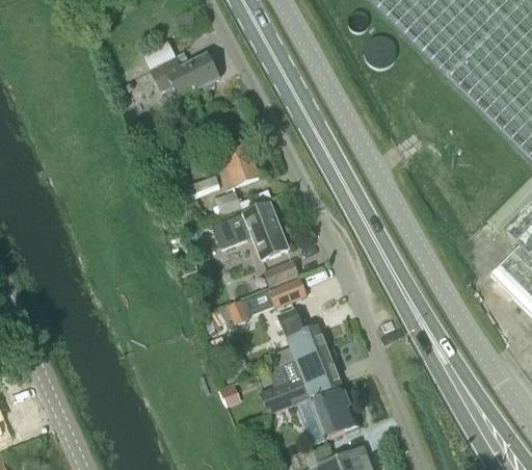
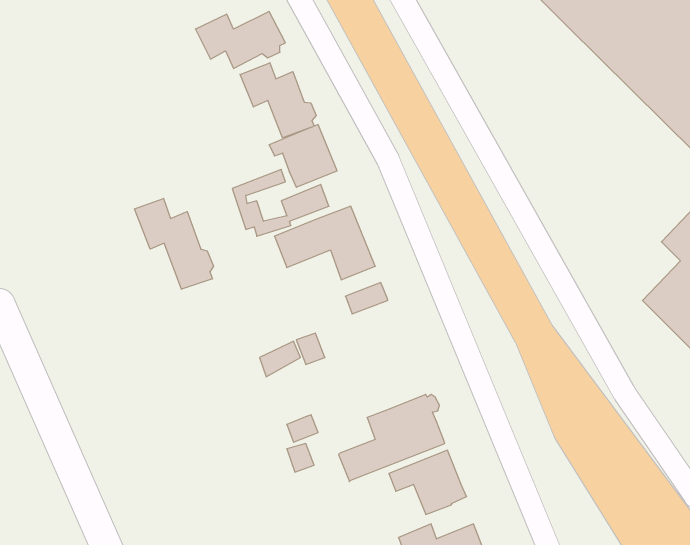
building: none -> [240,63,316,138]
building: none -> [135,198,214,289]
building: [269,278,307,308] -> none
building: [277,309,326,364] -> none

